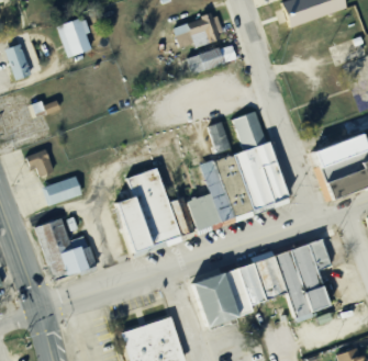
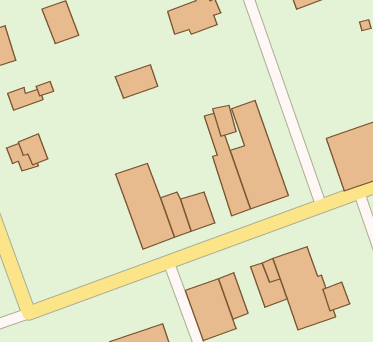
building: [185,46,224,77] -> [115,65,158,98]
building: [199,162,234,224] -> none
building: [43,174,82,206] -> none
building: [114,200,152,256] -> none
building: [36,217,98,280] -> none
building: [304,239,332,273] -> none
building: [236,264,265,307] -> none

